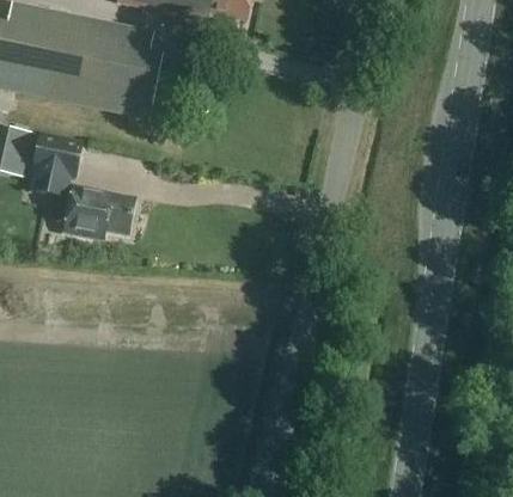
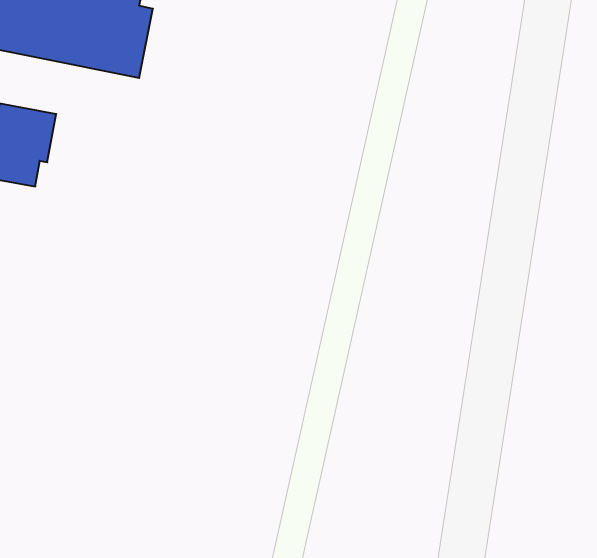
building: [62,186,134,240] -> none

